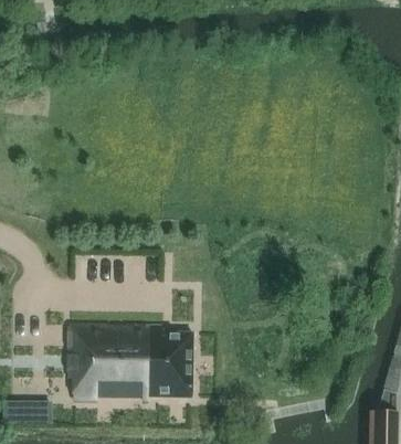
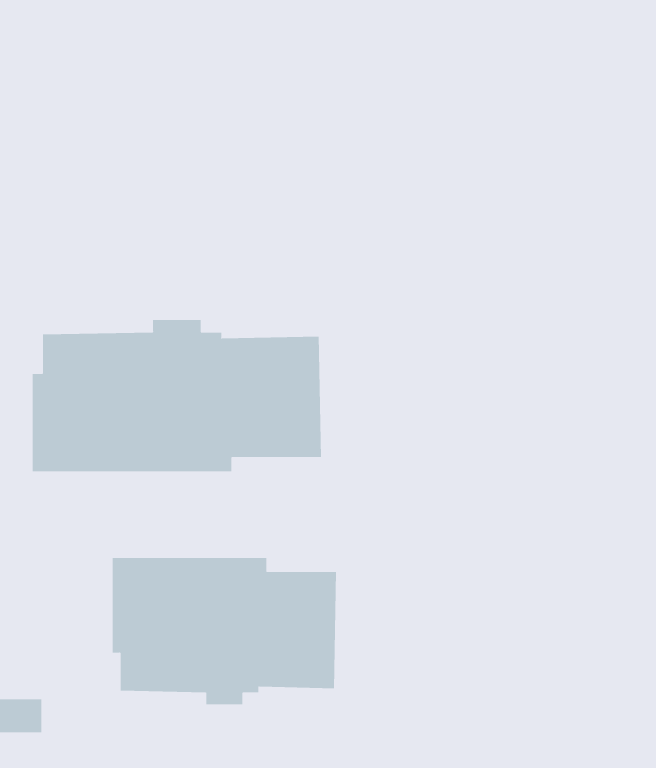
building: none -> [32,319,322,472]

